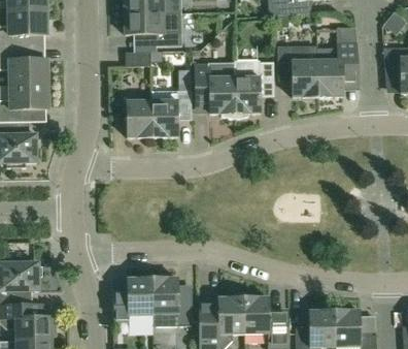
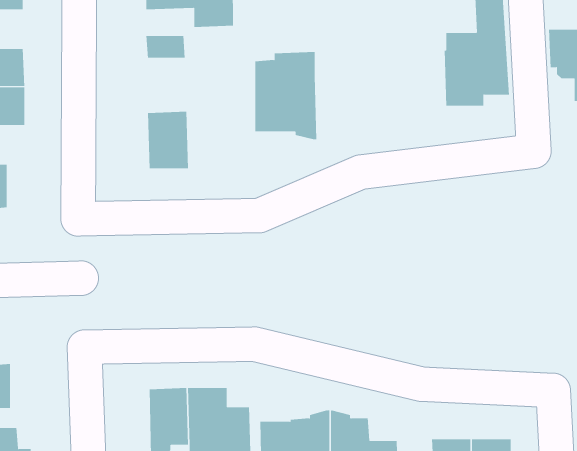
building: [277,44,317,96] -> none
building: [234,61,273,118] -> none
building: [151,89,191,136] -> none

